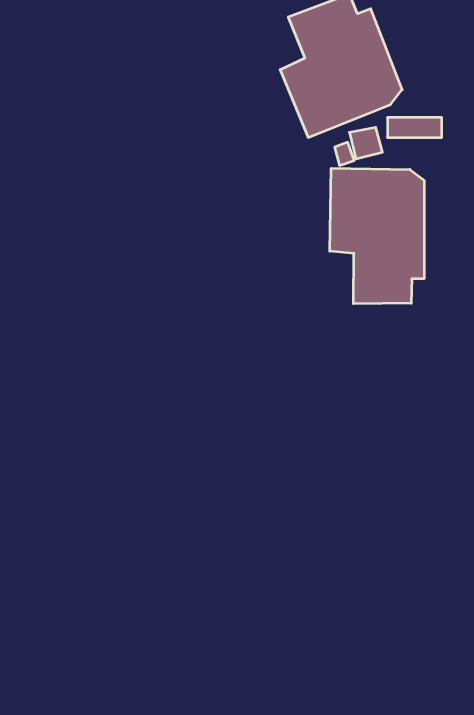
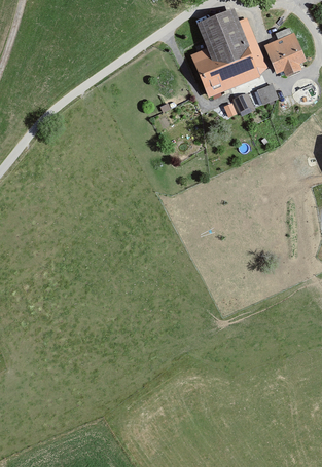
building: none -> [262,27,307,77]
building: [330,168,424,304] -> none

